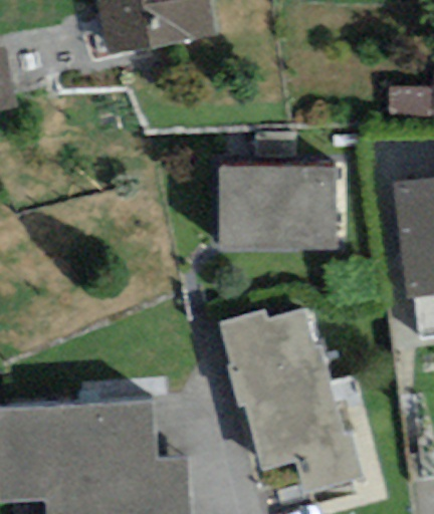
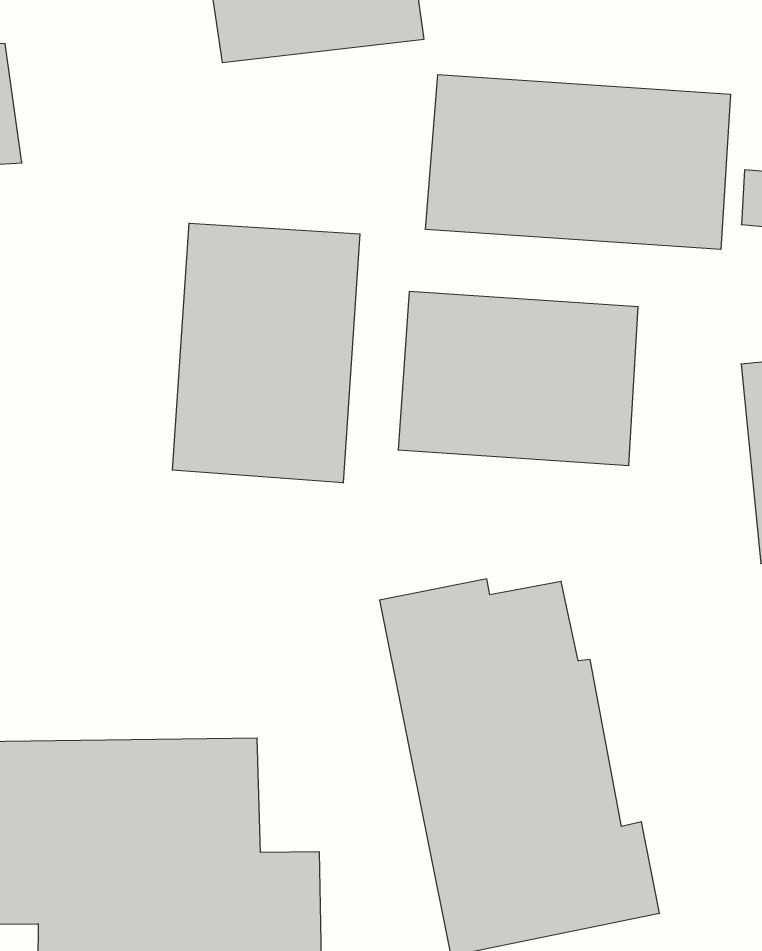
building: none -> [426,75,730,249]
building: none -> [172,223,360,483]

